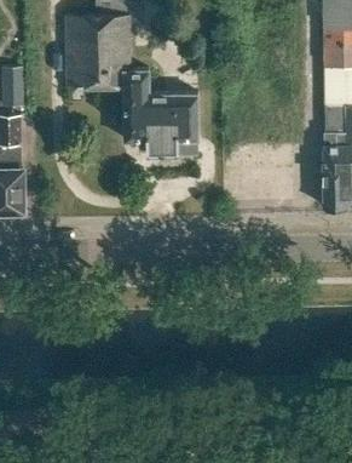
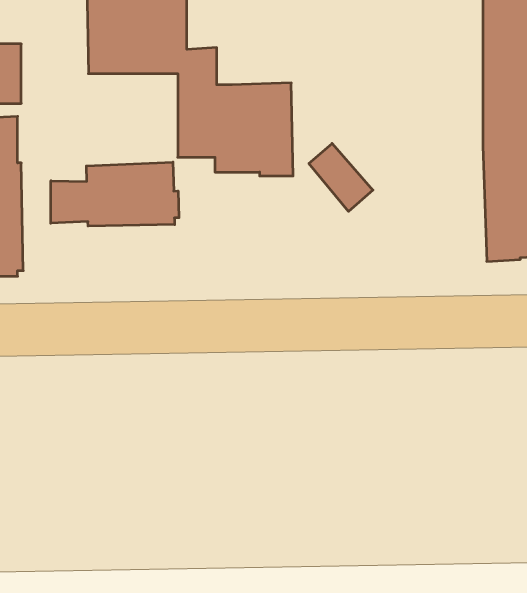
building: none -> [309,143,373,211]
building: none -> [51,162,179,226]

